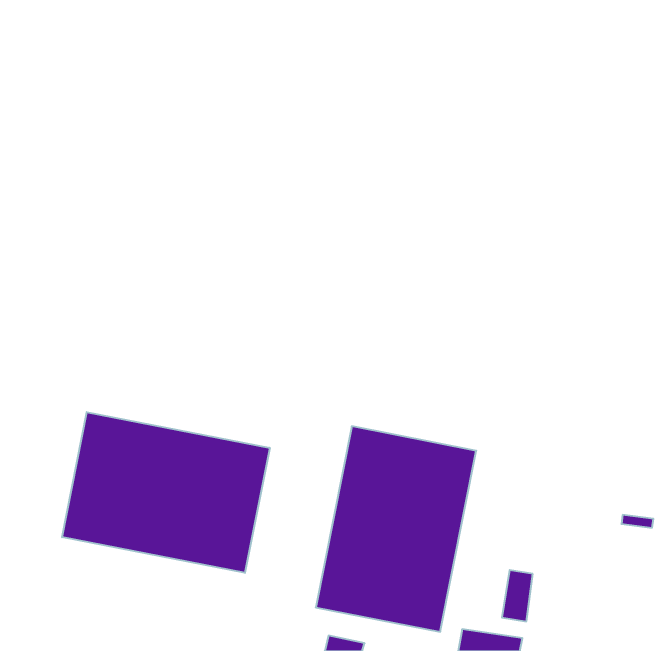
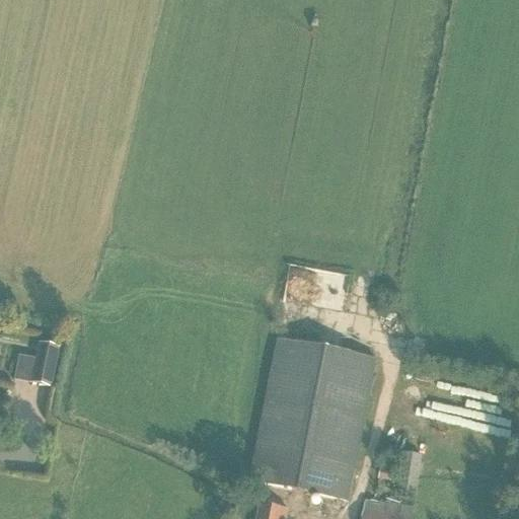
building: [62,412,270,573] -> none
building: none -> [28,340,59,385]

